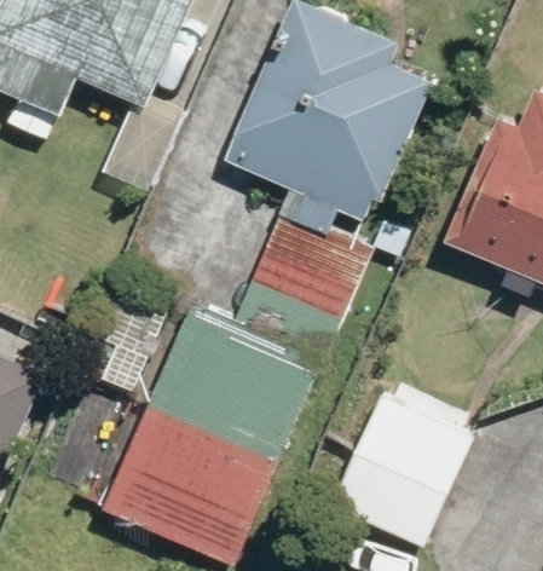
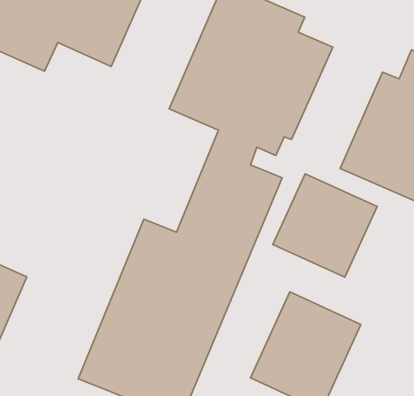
building: none -> [273,174,377,277]

